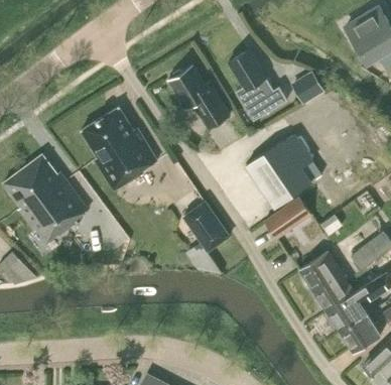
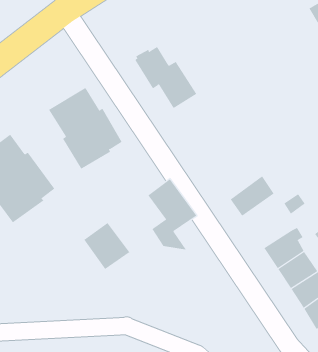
building: [228,49,286,120] -> none
building: [290,70,324,105] -> none
building: [246,134,312,207] -> none
building: none -> [84,222,130,270]

